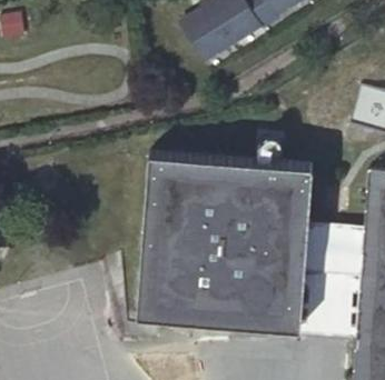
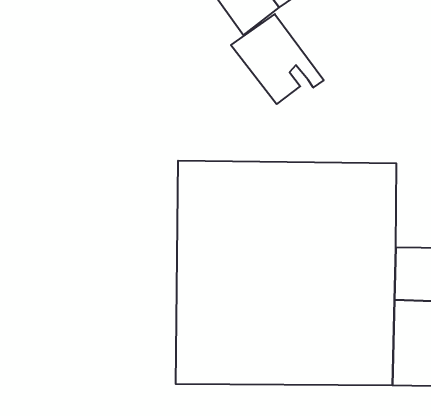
building: none -> [231,14,324,104]

